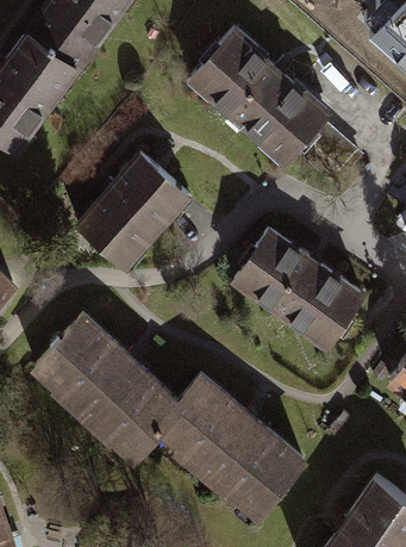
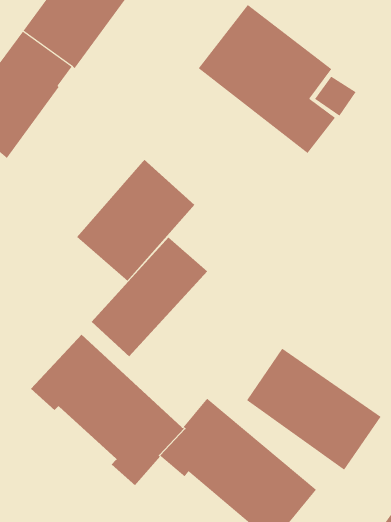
building: none -> [91,236,208,357]
building: [233,234,360,348] -> [246,348,382,470]

